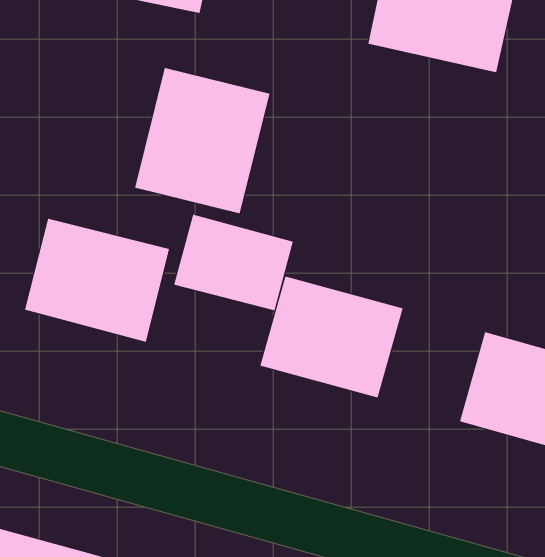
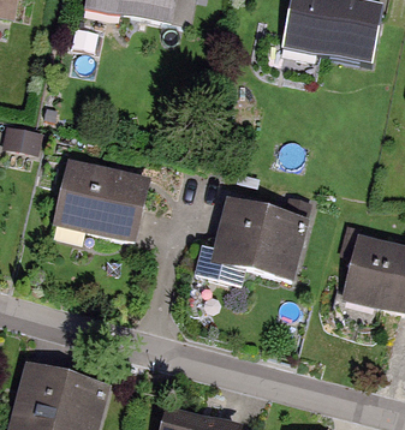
building: [134,67,270,214] -> none
building: [173,214,294,311] -> none

